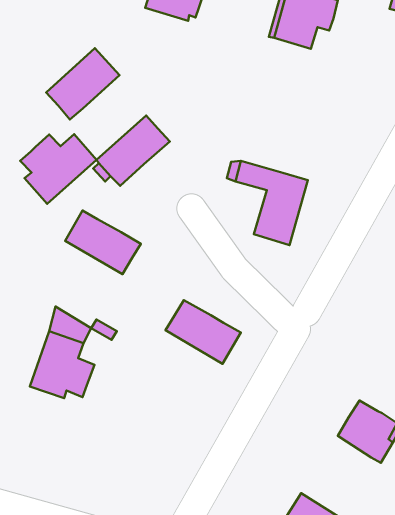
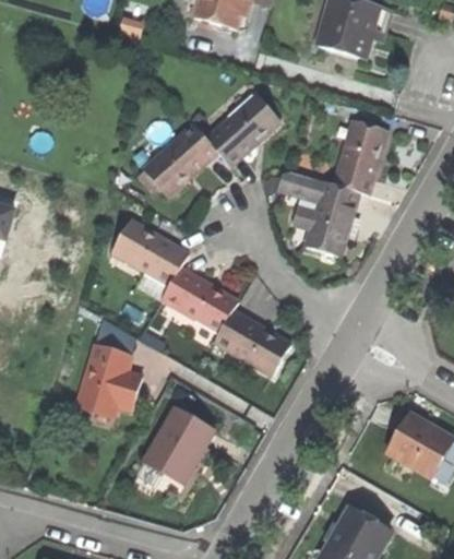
building: [46,48,120,119] -> [206,93,280,165]
building: none -> [333,120,385,192]
building: [20,134,97,204] -> none
building: none -> [162,269,237,333]
building: none -> [143,407,214,485]

